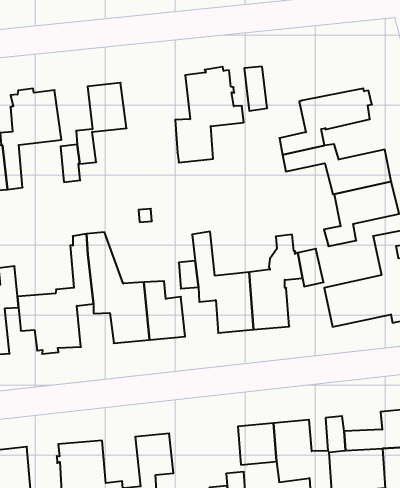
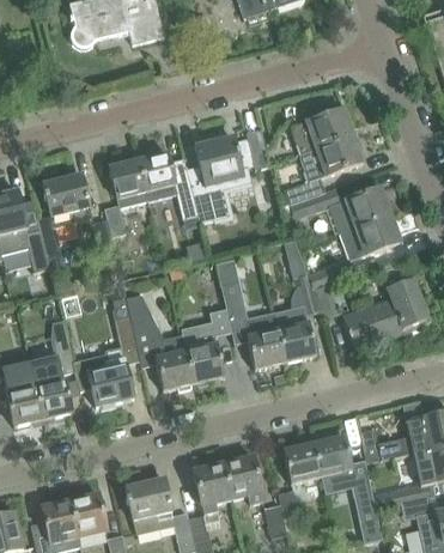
building: none -> [291,105,353,153]
building: none -> [138,152,196,218]
building: none -> [223,456,263,503]

